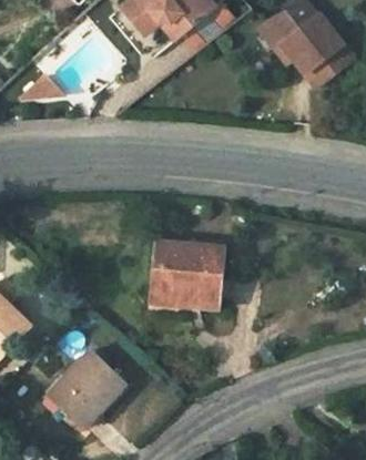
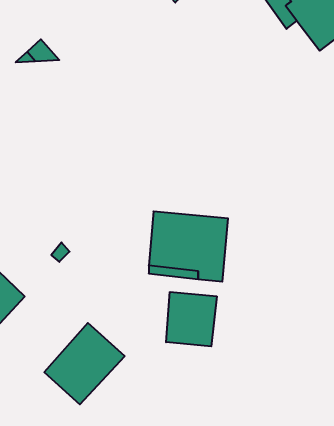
building: none -> [166,292,217,346]

